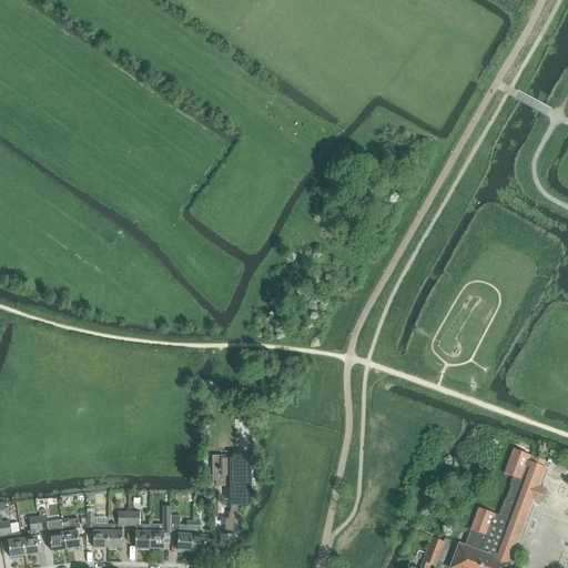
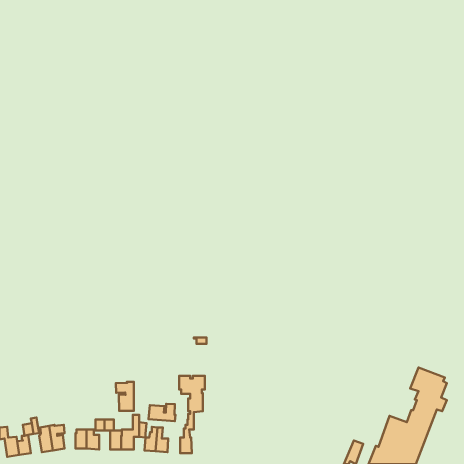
building: none -> [116,382,134,411]
building: none -> [149,404,176,421]

